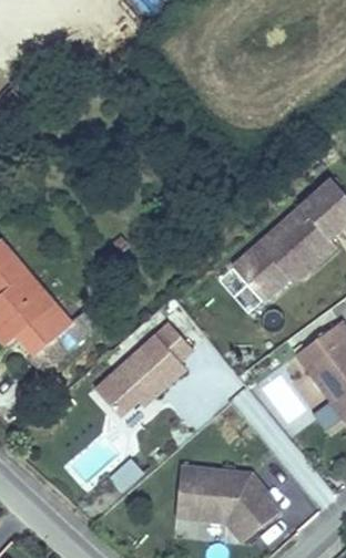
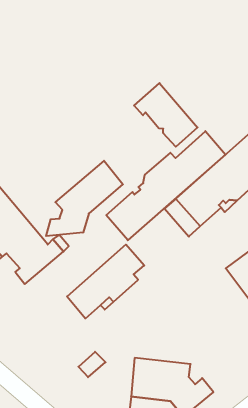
building: none -> [134,83,198,147]
building: none -> [106,131,226,240]
building: none -> [46,161,123,236]

